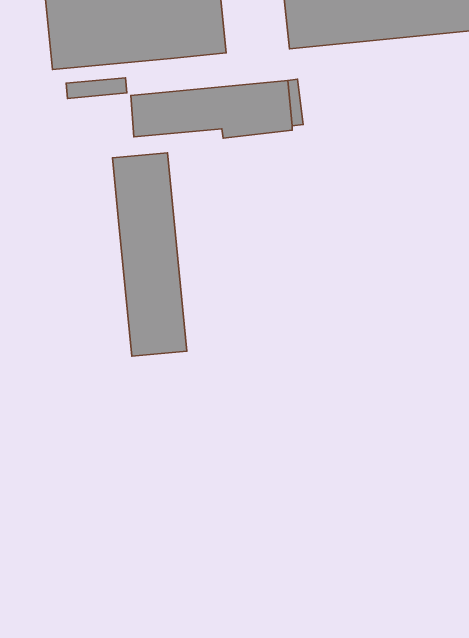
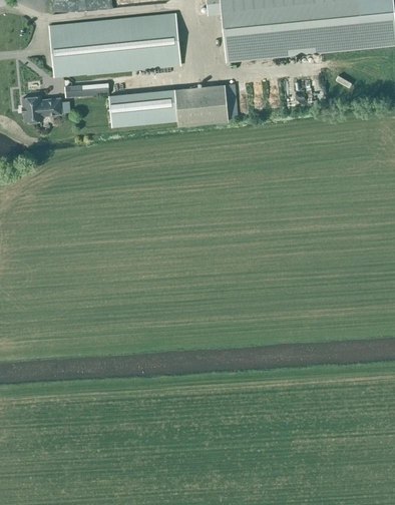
building: none -> [21,96,62,123]
building: [113,153,187,356] -> none

